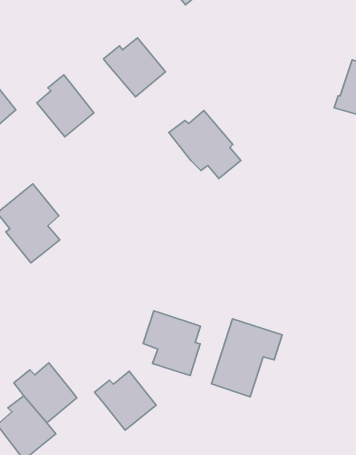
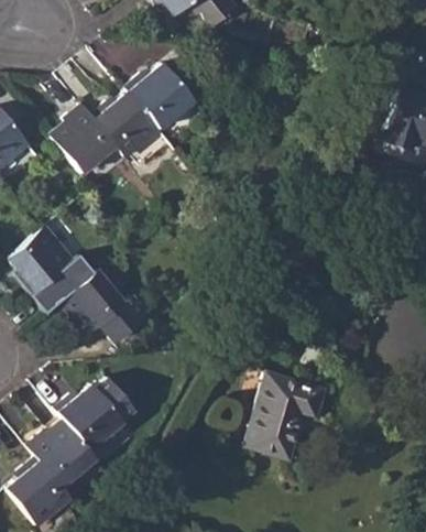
building: [169,110,241,178] -> [91,90,171,165]
building: none -> [62,268,148,341]
building: [143,311,201,376] -> none
building: [94,371,156,430] -> [55,384,123,449]

